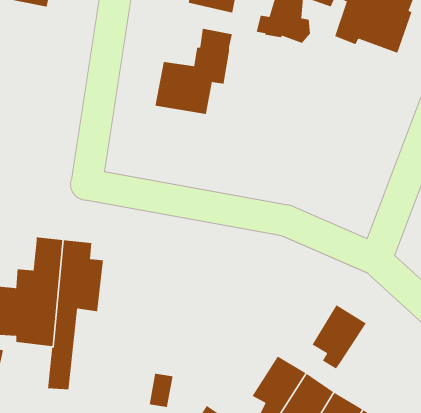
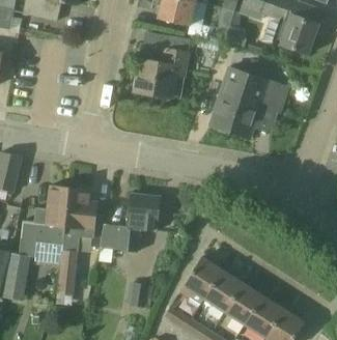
building: none -> [209,66,287,138]
building: none -> [100,193,160,252]
building: [312,304,367,369] -> [182,256,222,303]

